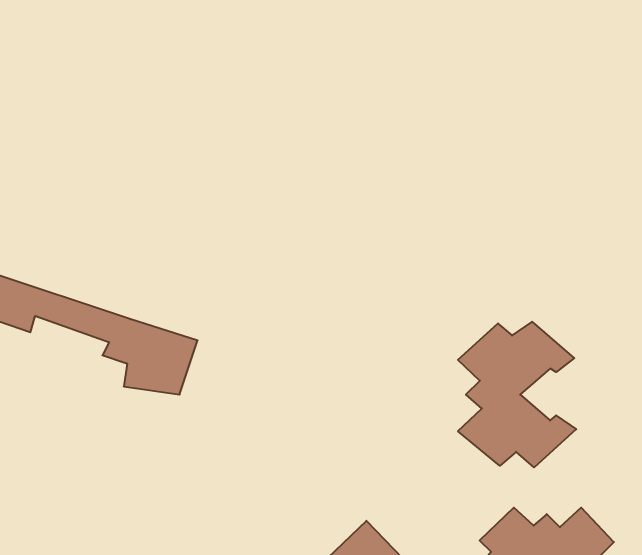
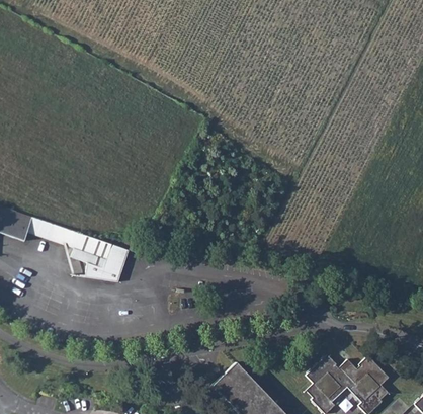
building: [458,322,576,467] -> none

